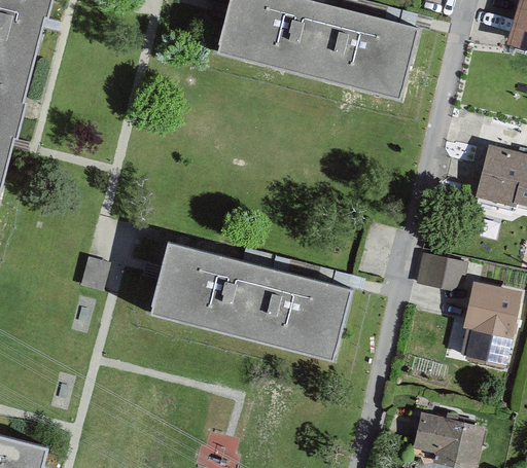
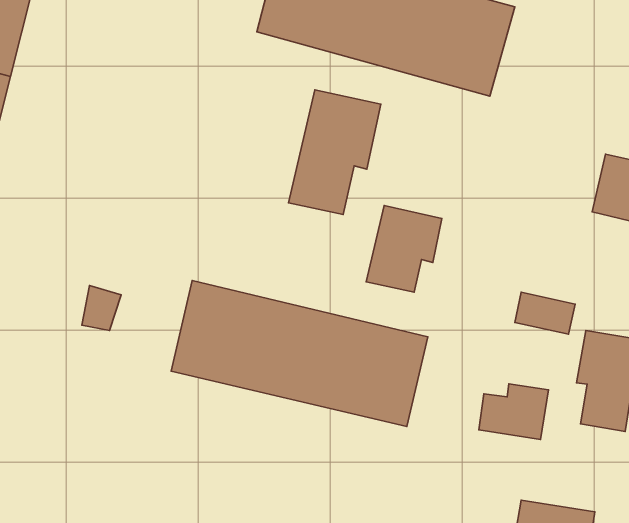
building: none -> [288,90,381,214]
building: none -> [366,206,442,292]
building: none -> [479,384,549,440]

